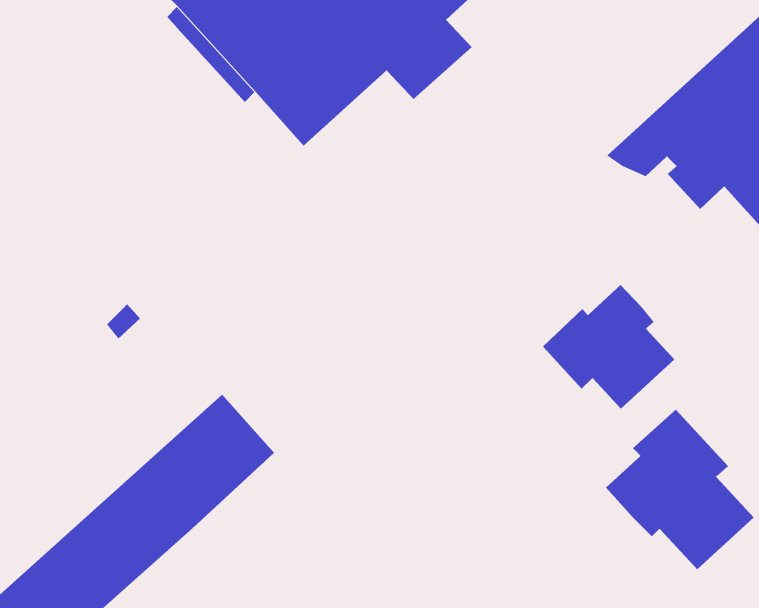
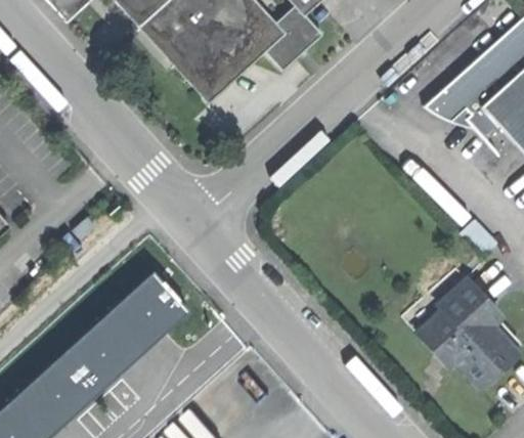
building: [542,284,675,410] -> none

